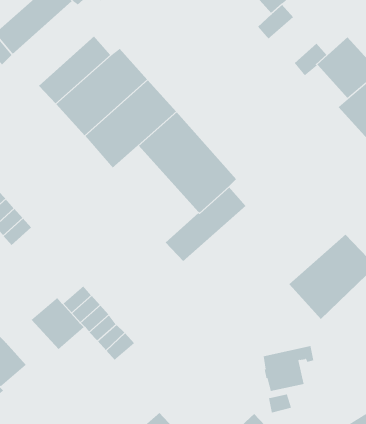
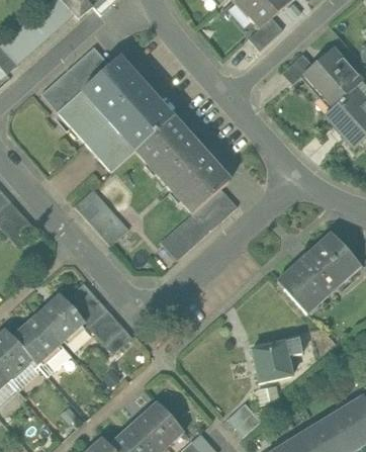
building: none -> [74,187,129,246]
building: none -> [11,313,71,375]

